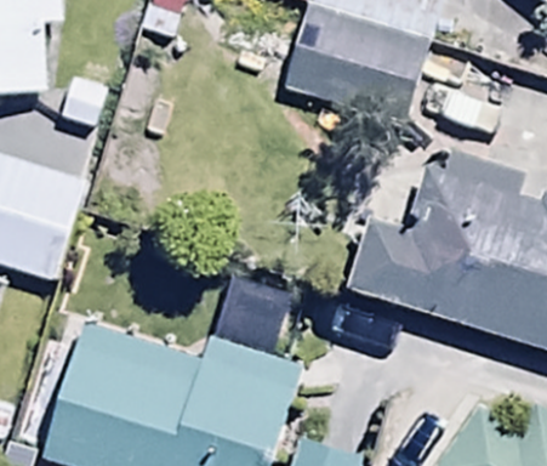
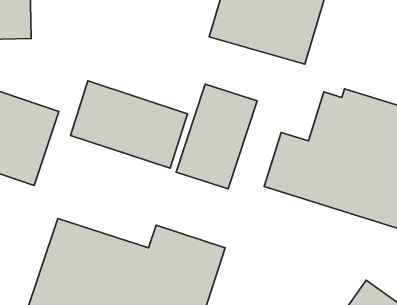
building: none -> [71,81,187,168]
building: none -> [176,84,257,189]

